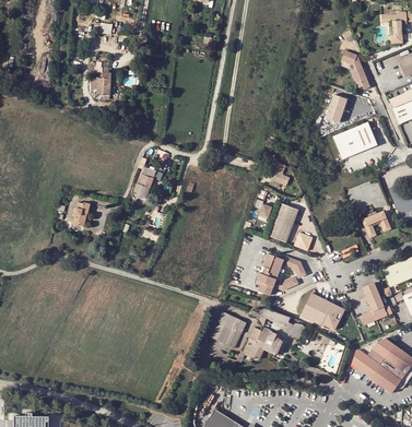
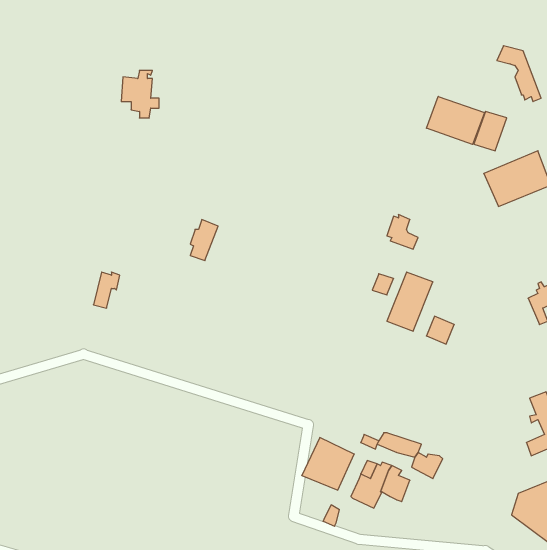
building: none -> [426,96,484,144]
building: [257,253,306,296] -> none
building: [301,293,344,330] -> none

